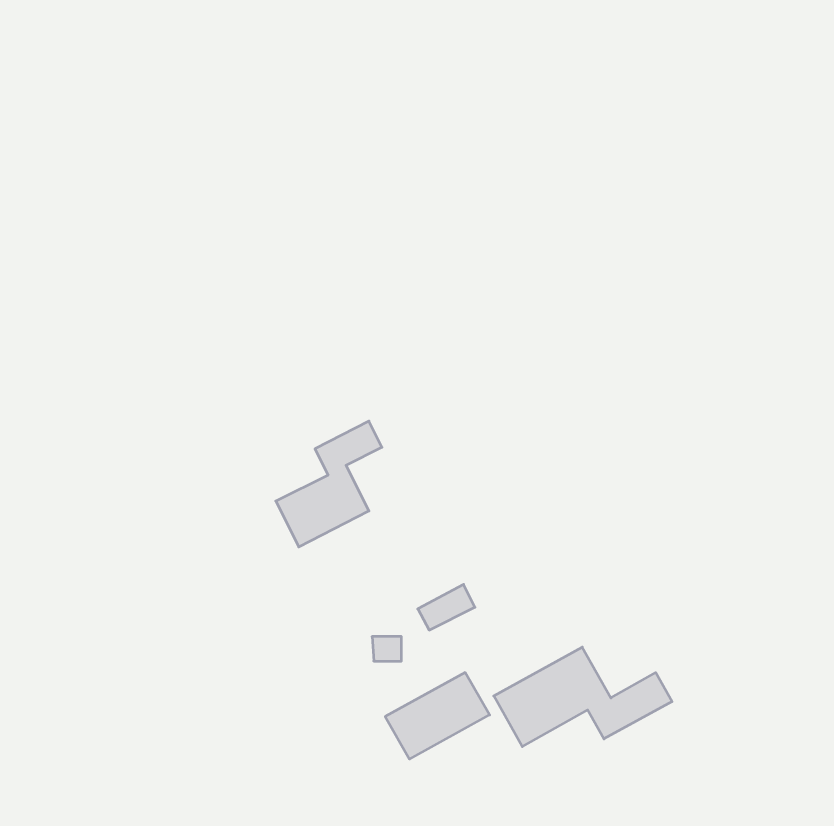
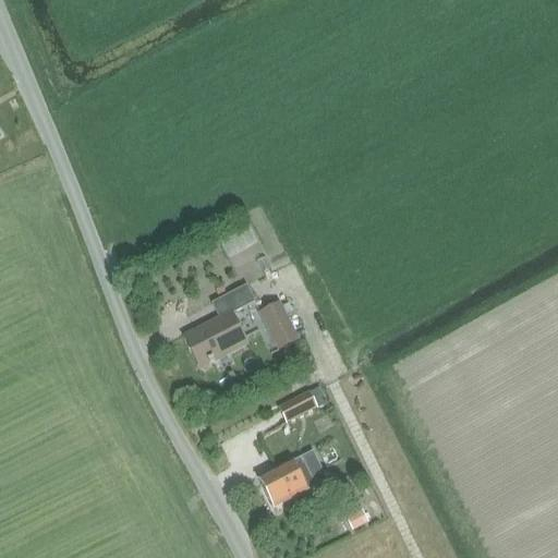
building: none -> [259,301,298,347]
building: [494,647,672,747] -> none

